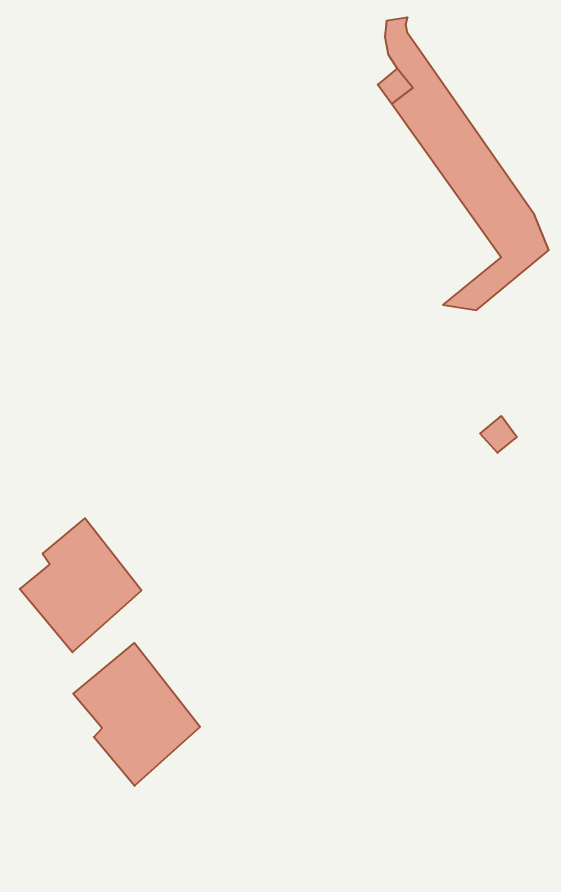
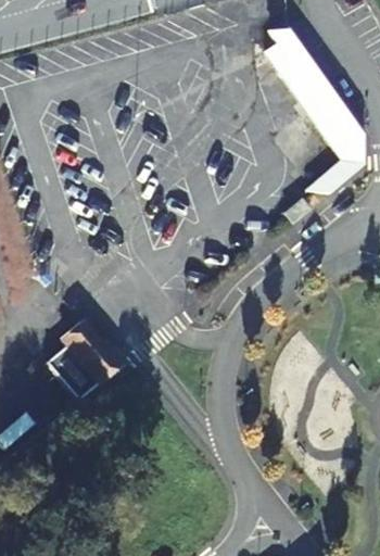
building: [73,643,200,786] -> none

